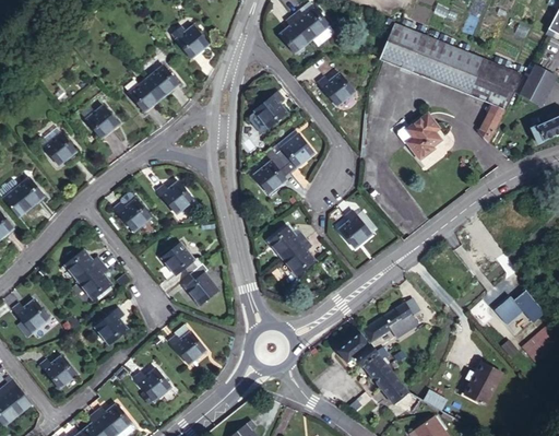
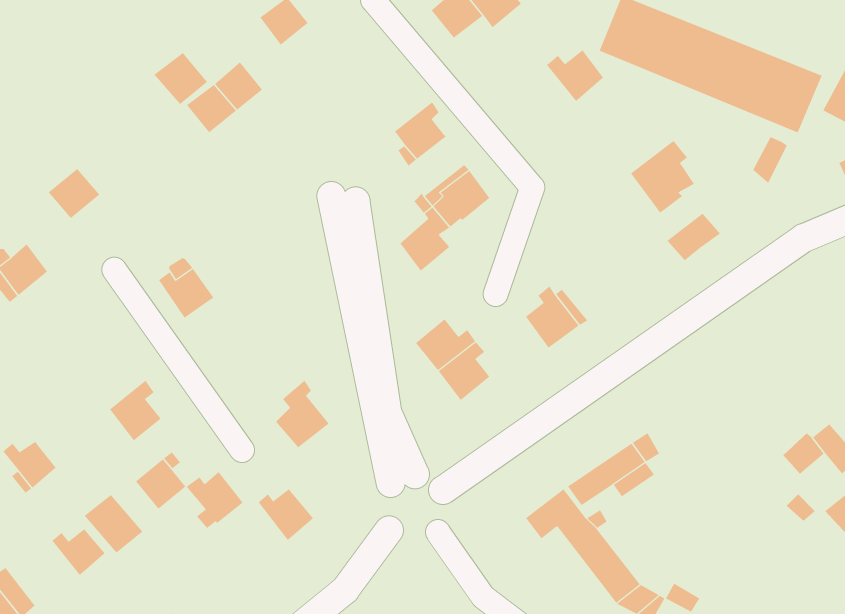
building: [319,74,355,107] -> [546,49,604,102]
building: [81,104,115,137] -> [154,52,208,105]
building: none -> [667,213,721,261]
building: [158,179,192,209] -> none
building: [157,243,200,276] -> none
building: [62,249,100,282] -> none
building: none -> [84,494,143,553]
building: [466,362,503,404] -> none
building: [134,367,170,403] -> [186,471,243,529]

